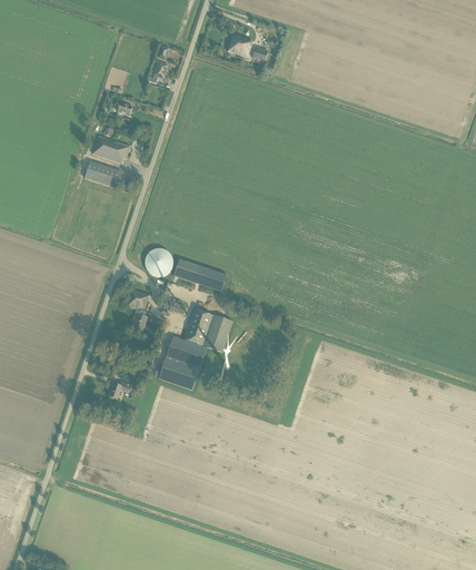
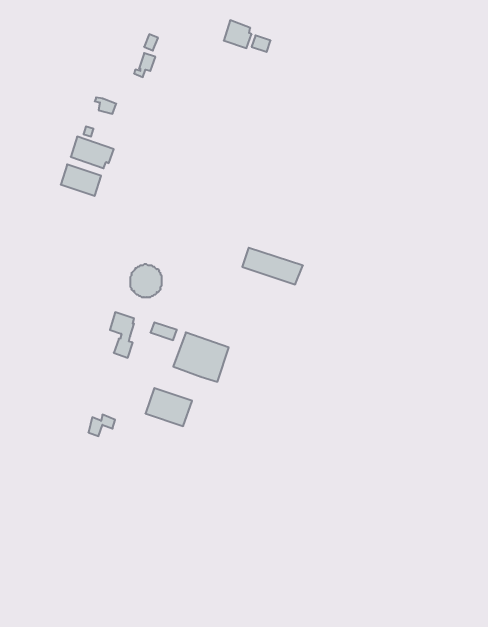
building: [173,258,227,291] -> [242,248,303,284]
building: [166,334,207,367] -> none

